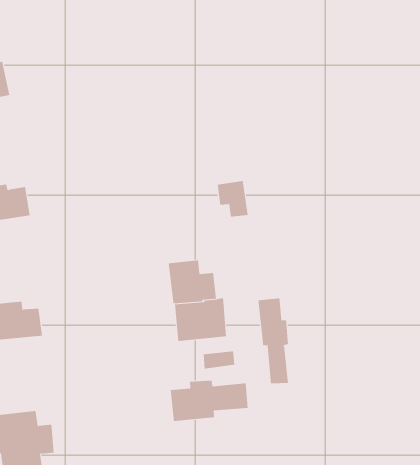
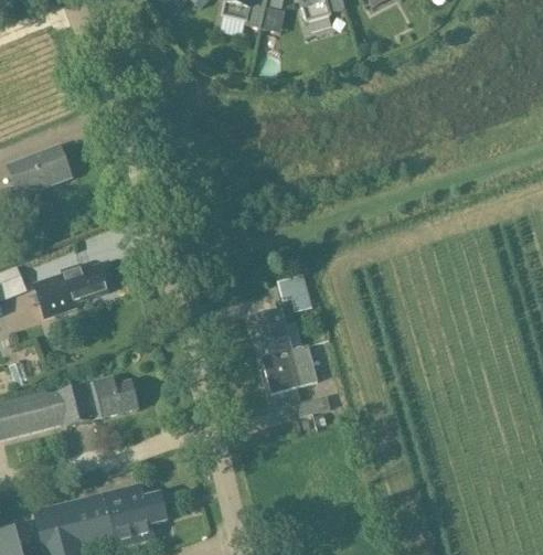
building: [217,181,248,217] -> [277,275,312,312]
building: [258,298,289,384] -> none
building: [170,380,248,422] -> none

